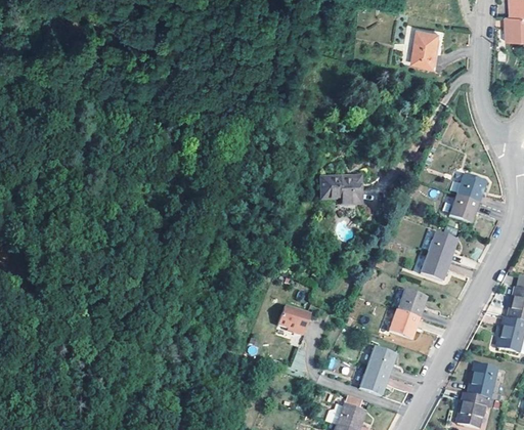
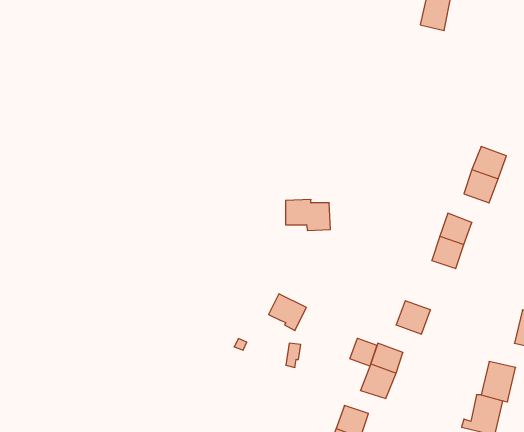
building: [321,178,361,206] -> [286,200,330,231]
building: [399,289,428,316] -> none
building: none -> [350,338,377,366]

